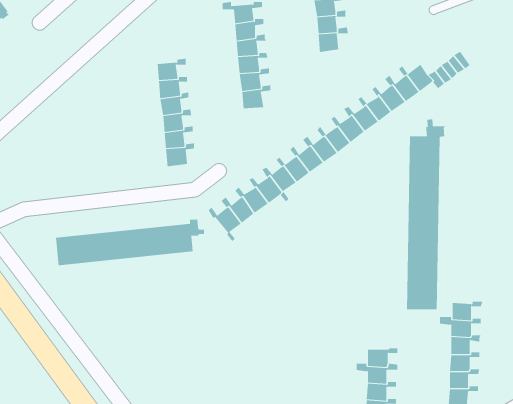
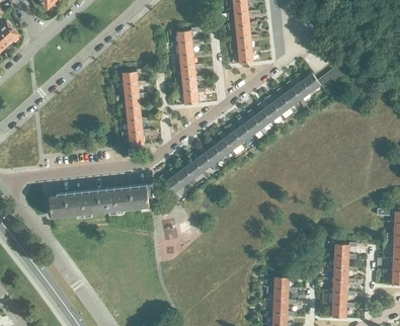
building: [406,118,446,310] -> none

